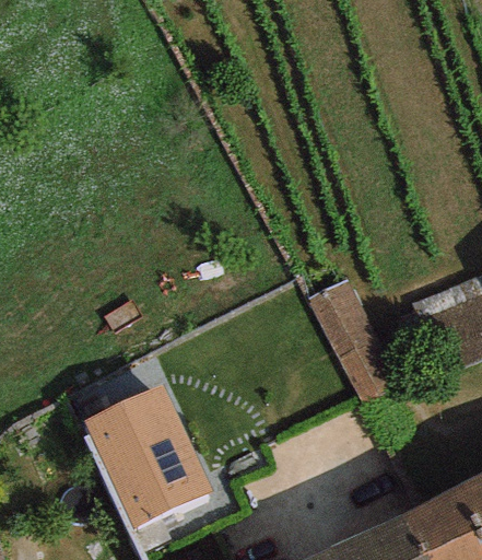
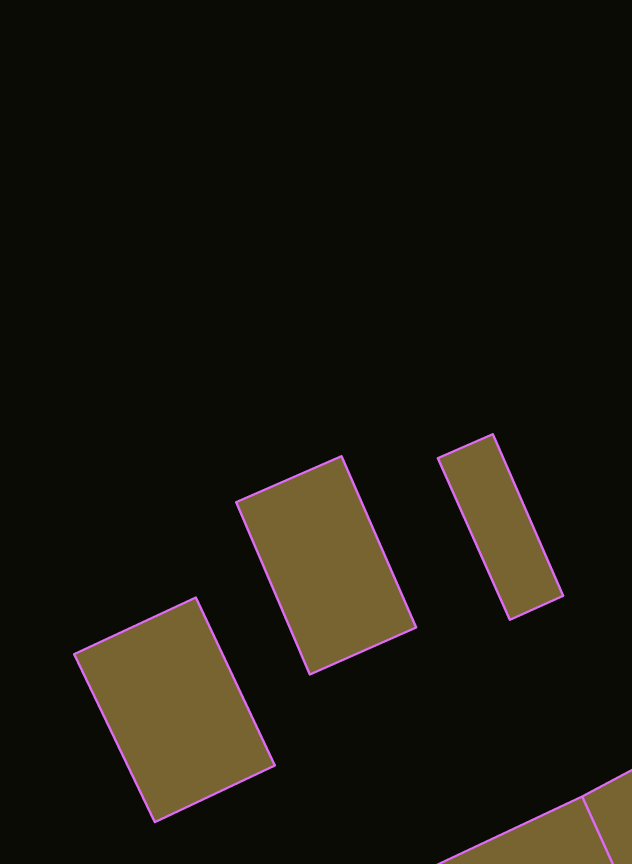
building: none -> [236,456,416,675]

